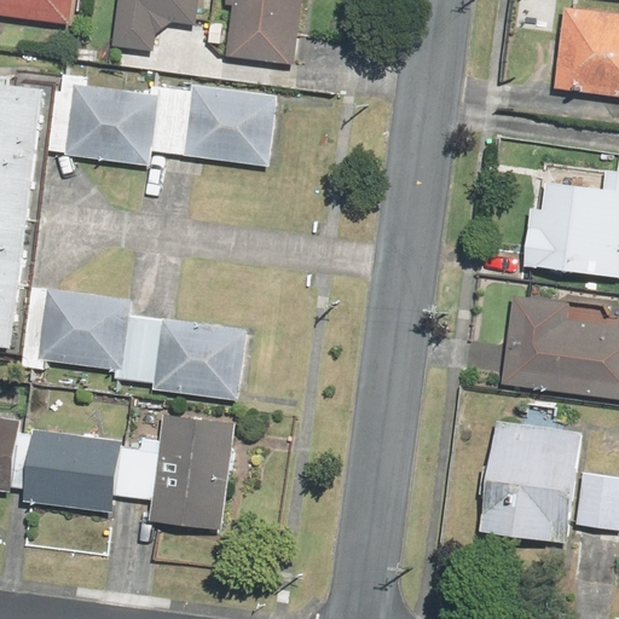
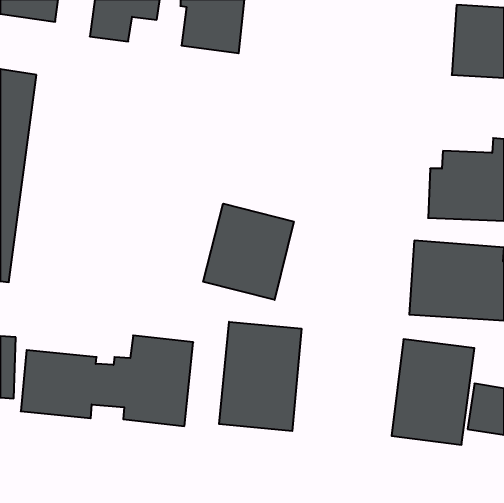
building: [48,59,279,168] -> none
building: none -> [203,204,294,300]
building: [47,293,244,400] -> none
building: none -> [219,322,301,431]

